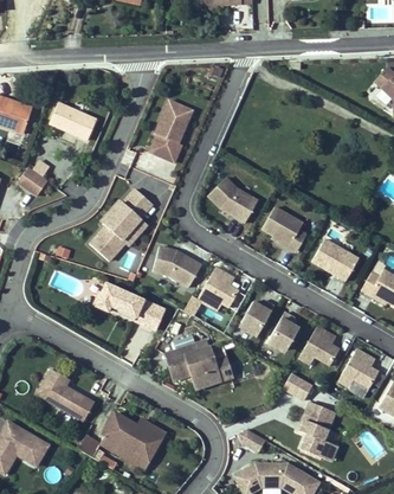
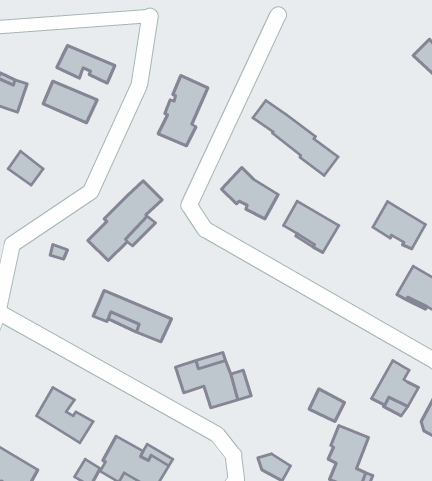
building: none -> [57,46,115,83]
building: none -> [253,100,338,176]
building: [311,238,357,280] -> [373,202,425,249]
building: [153,248,201,288] -> none
building: [198,268,238,308] -> none
building: [241,301,274,336] -> none
building: [267,312,299,349] -> none
building: [299,326,340,365] -> none

